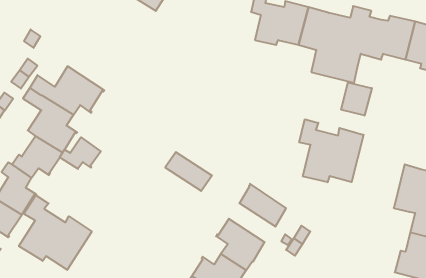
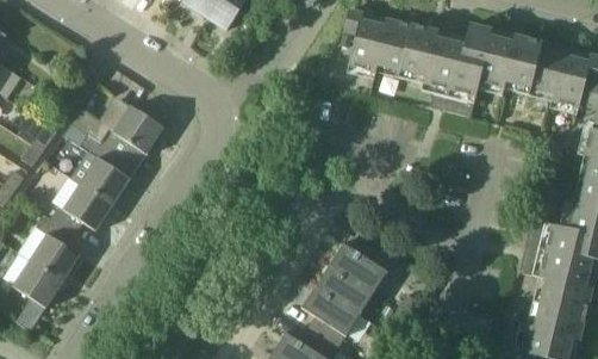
building: [341,82,372,116] -> none
building: [299,119,364,182] -> none
building: [60,137,101,169] -> none
building: [165,152,212,191] -> [317,265,374,312]
building: [19,195,92,270] -> none

